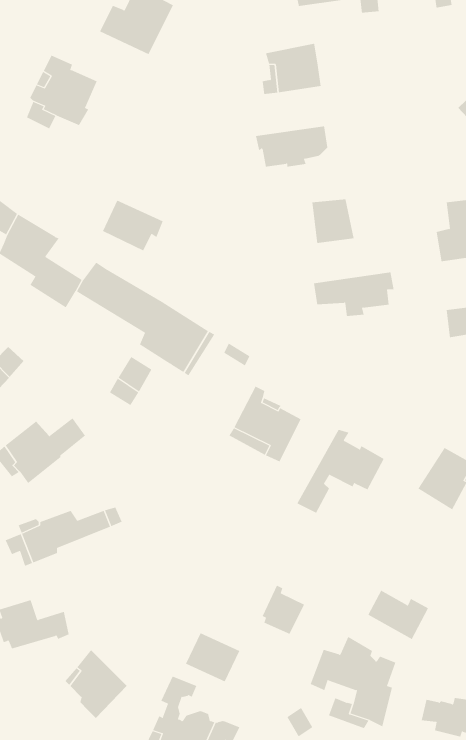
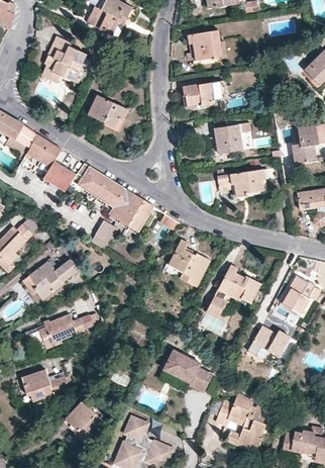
building: [102,200,163,251] -> [88,94,125,125]
building: [368,590,429,640] -> [252,324,290,355]
building: [185,632,240,682] -> [160,349,194,379]

